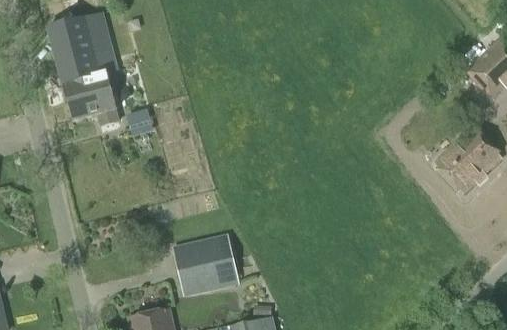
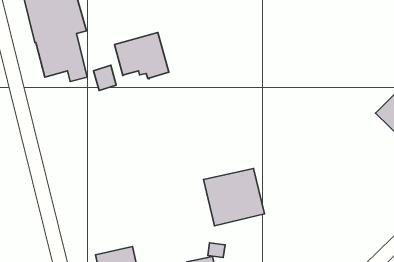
building: none -> [114,32,169,79]
building: [173,233,240,296] -> [204,169,264,226]

